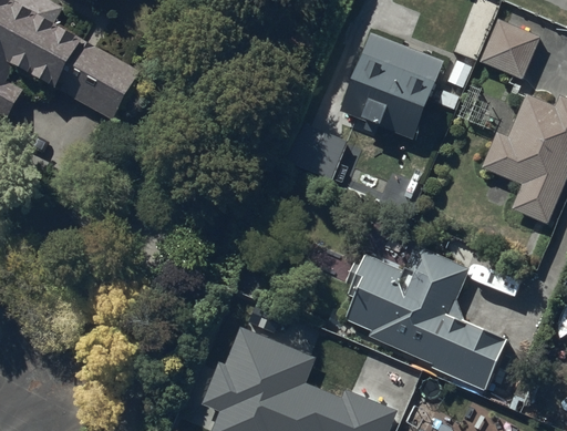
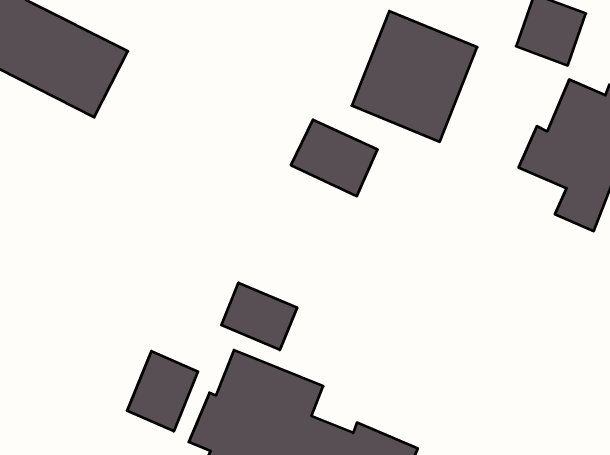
building: [344,250,507,392] -> none
building: none -> [221,283,297,350]
building: none -> [127,351,198,431]

